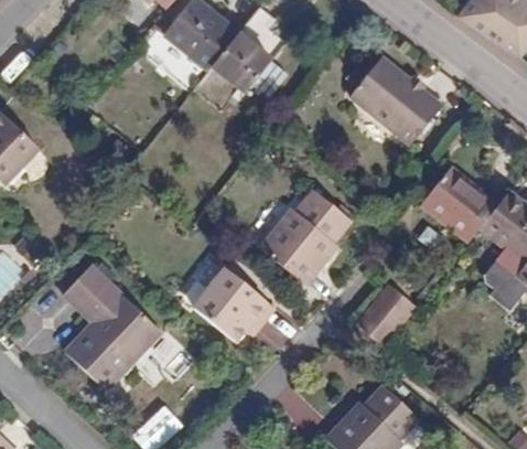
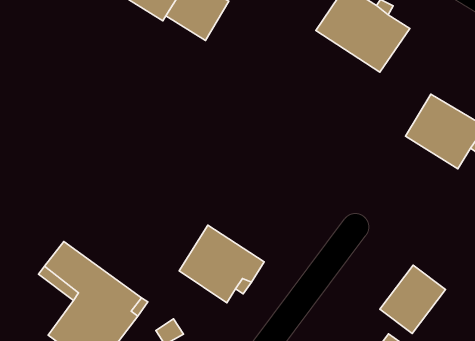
building: [261,190,349,284] -> none
building: [356,281,420,345] -> [380,265,446,334]

